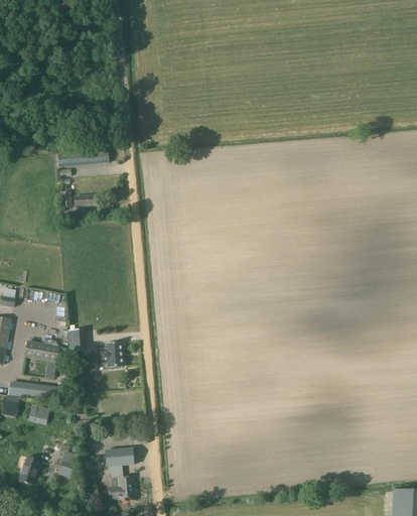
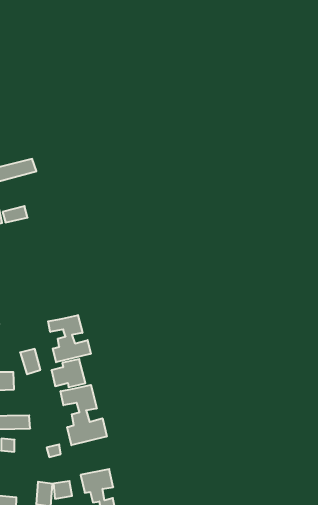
building: none -> [48,315,91,362]
building: none -> [61,385,107,445]

